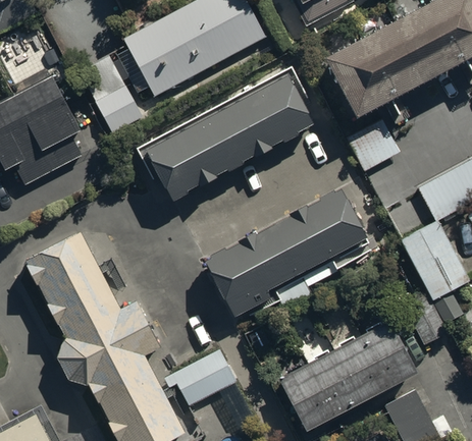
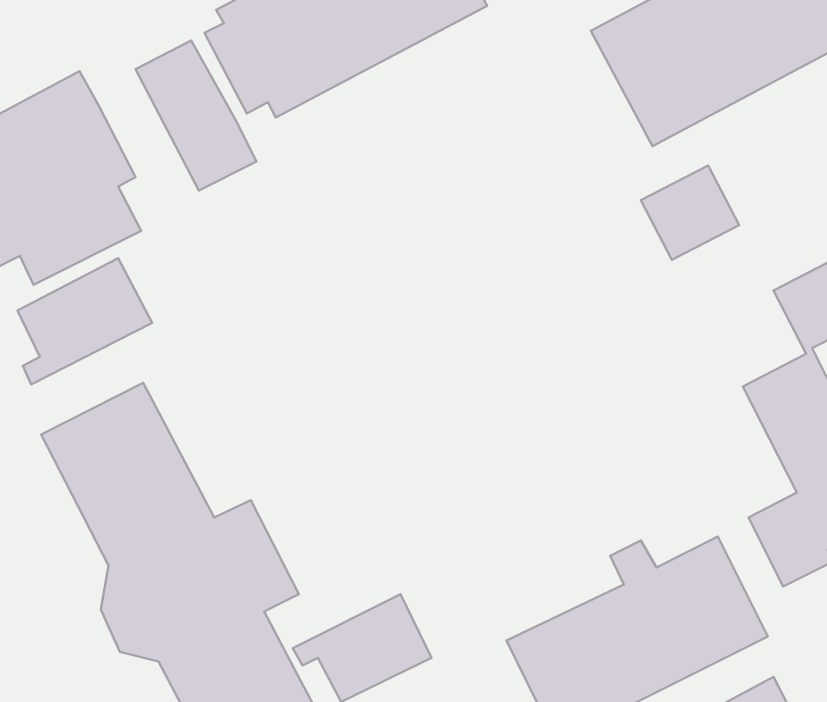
building: [145,79,324,220] -> none
building: none -> [17,258,152,384]
building: [208,199,376,329] -> none

